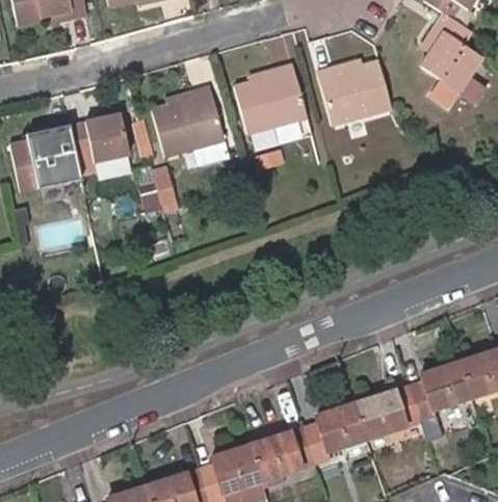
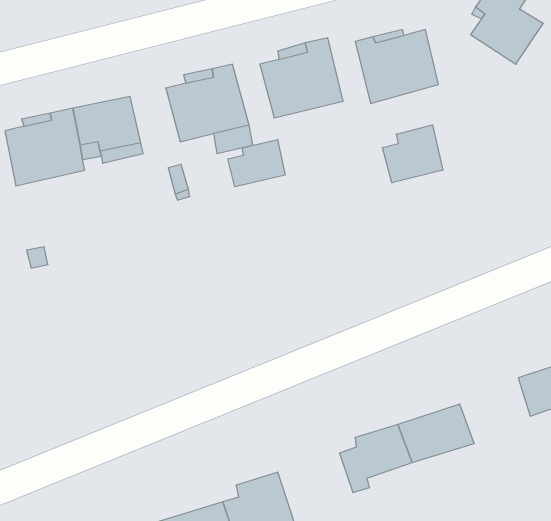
building: none -> [383,125,443,183]
building: none -> [228,139,285,187]
building: [409,362,470,419] -> none
building: [250,427,315,478] -> none

